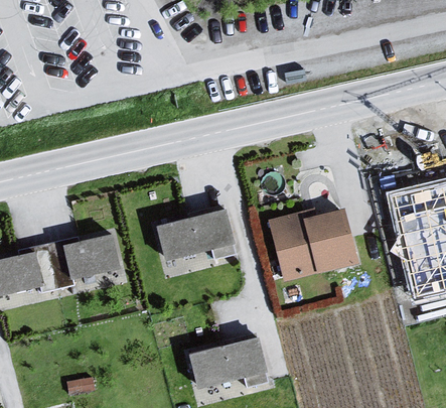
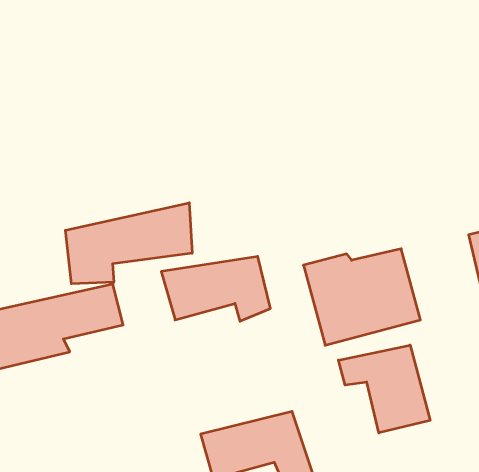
building: none -> [65,203,192,284]
building: none -> [338,345,430,433]

